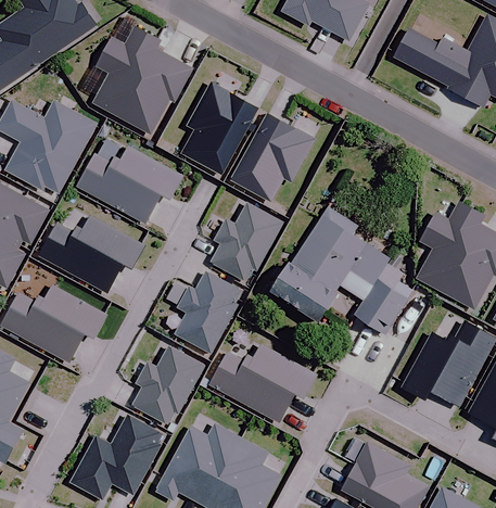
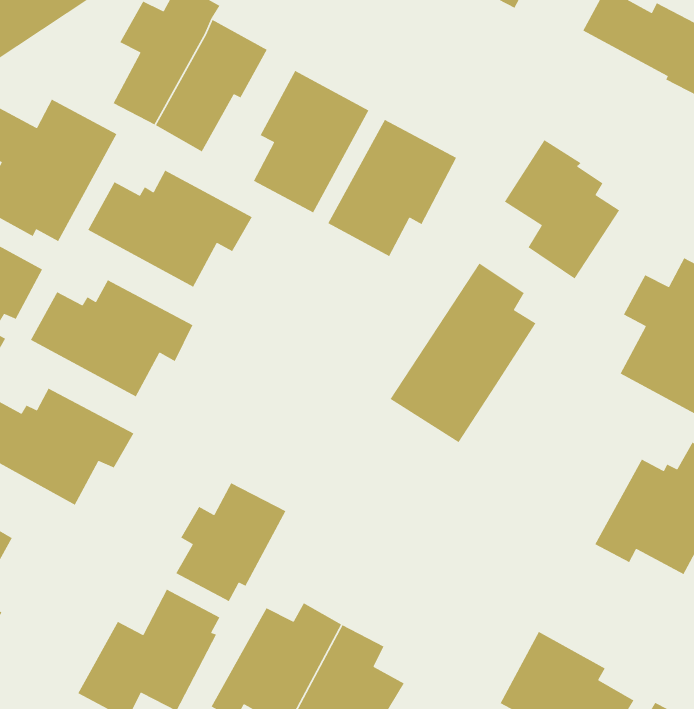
building: [211,202,283,281] -> none
building: [339,244,414,334] -> [504,139,620,280]
building: [175,271,241,353] -> none
building: [209,344,316,421] -> none

